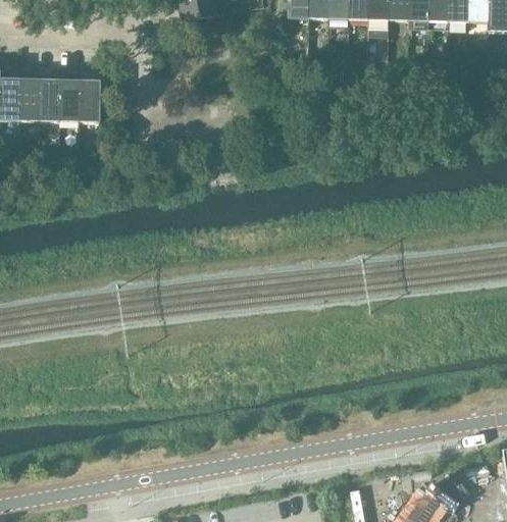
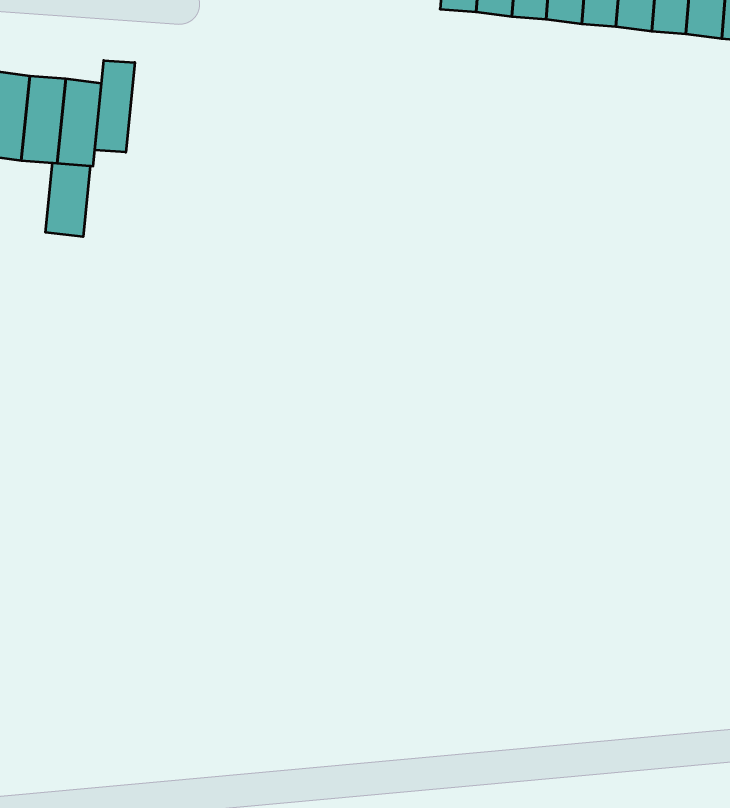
building: none -> [95,60,135,152]
building: none -> [46,163,90,237]

